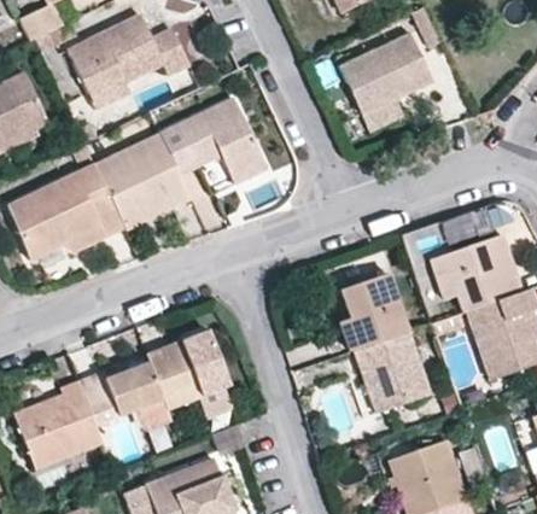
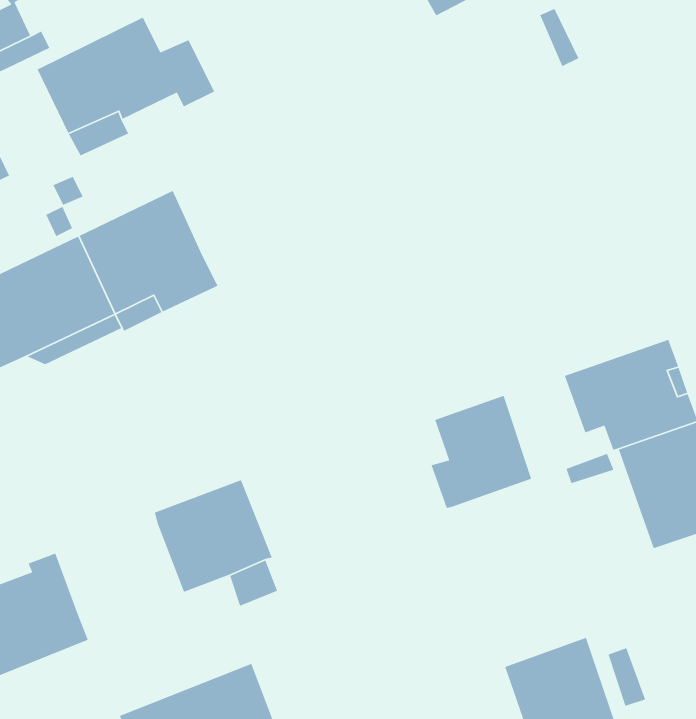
building: [338,33,433,132] -> none
building: [160,97,268,183] -> none
building: [354,331,430,413] -> none
building: [80,362,171,431] -> none

